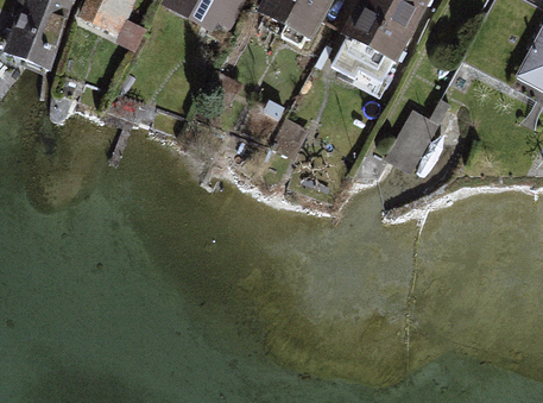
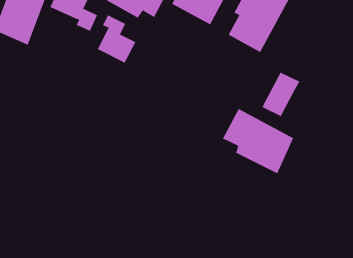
building: none -> [97,15,136,64]
building: none -> [222,108,294,174]

